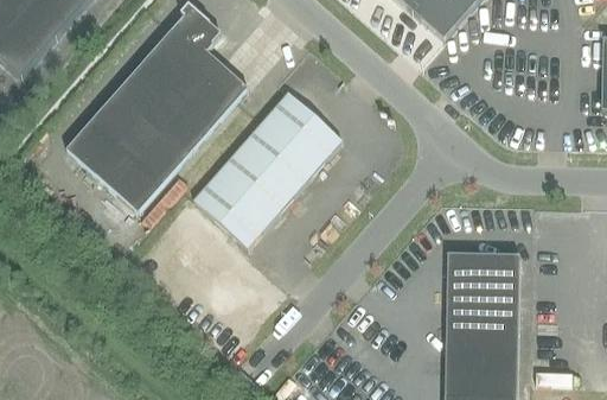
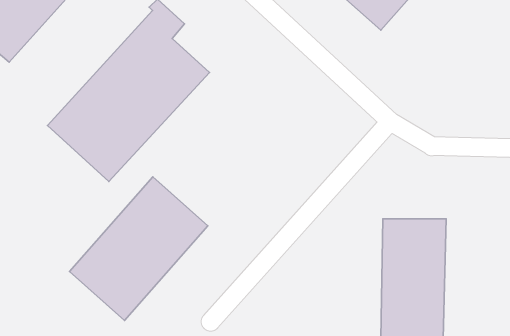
building: [194,91,343,247] -> none
building: none -> [69,177,208,320]

